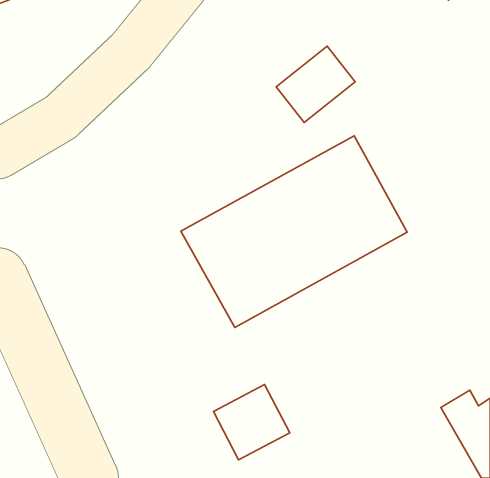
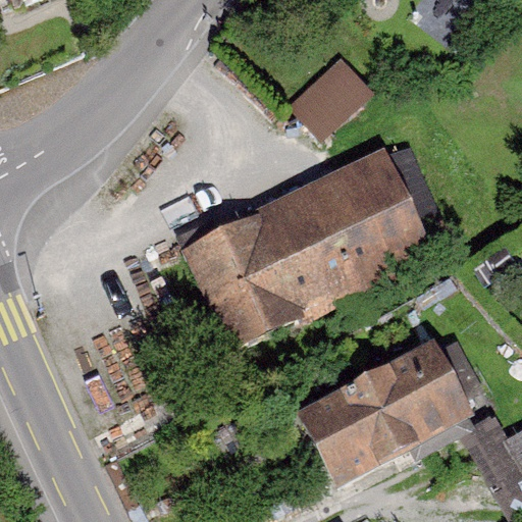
building: none -> [299,345,475,488]
building: [213,384,290,460] -> none

